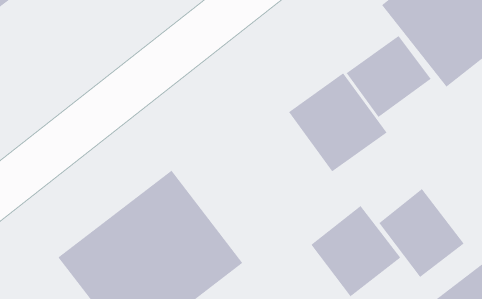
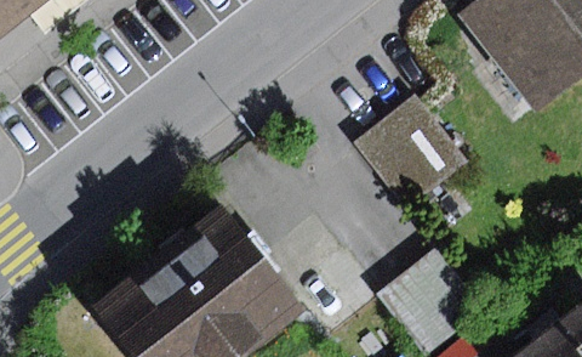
building: [346,35,432,118] -> none
building: [378,188,465,278] -> none

